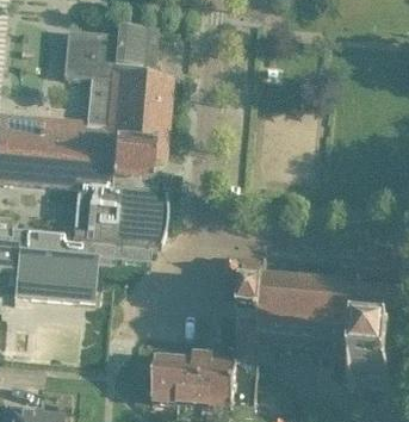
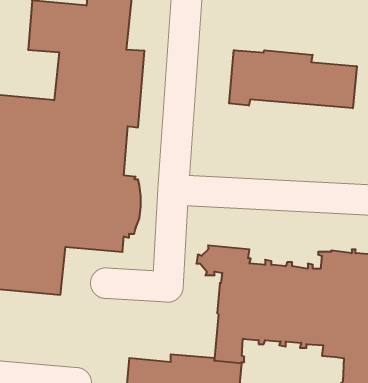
building: none -> [229,50,357,108]

